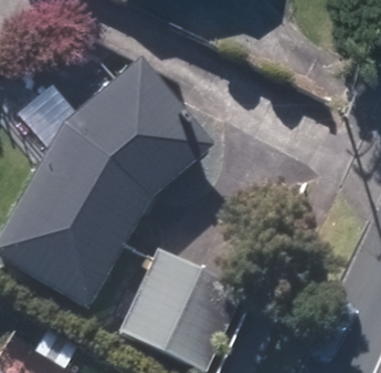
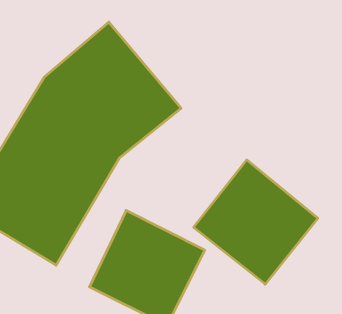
building: none -> [194,160,318,284]

